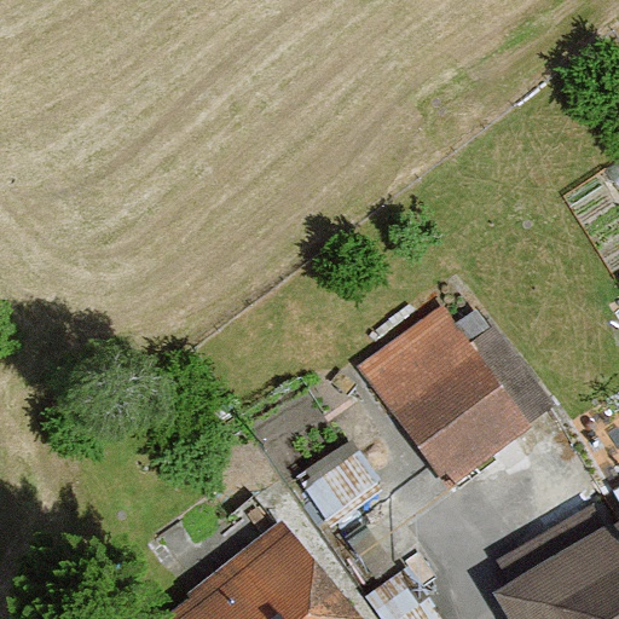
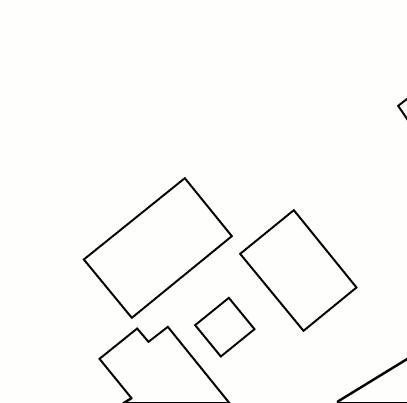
building: none -> [84,178,232,318]

